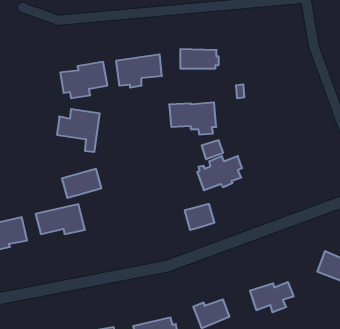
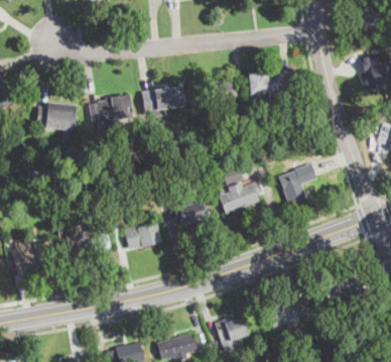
building: [169,102,216,134] -> [248,71,292,101]
building: [57,109,100,152] -> [36,101,77,141]
building: none -> [279,160,316,204]
building: [62,169,101,198] -> [124,223,161,250]
building: [185,204,215,230] -> [179,201,208,225]

